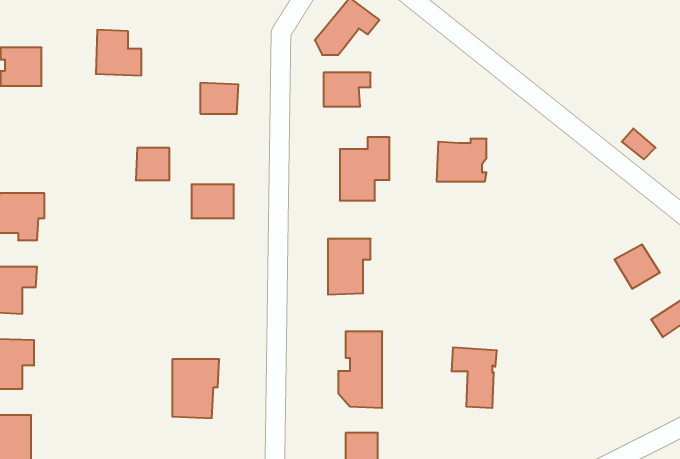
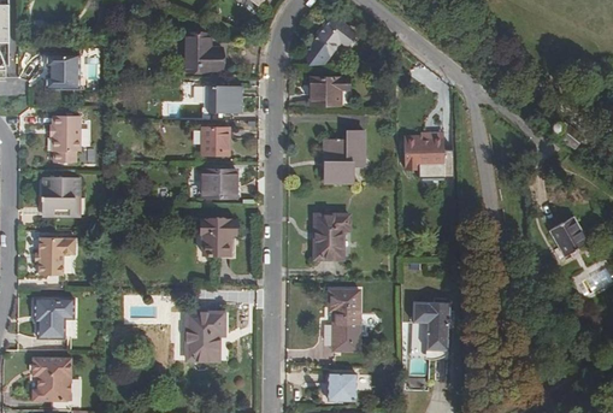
building: [96,30,141,75] -> [183,34,220,71]
building: none -> [51,117,78,164]
building: [136,148,169,180] -> [200,129,228,155]
building: none -> [199,217,235,248]

